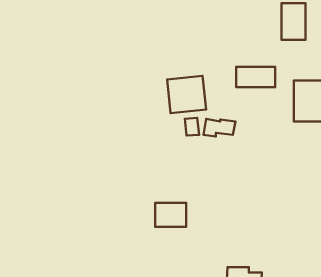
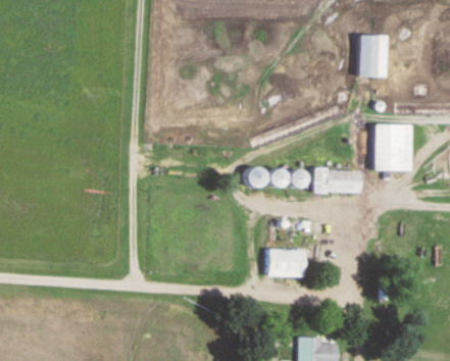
building: [236,67,275,87] -> [315,169,360,193]
building: [167,76,206,113] -> none
building: [155,203,186,227] -> [268,250,304,277]

